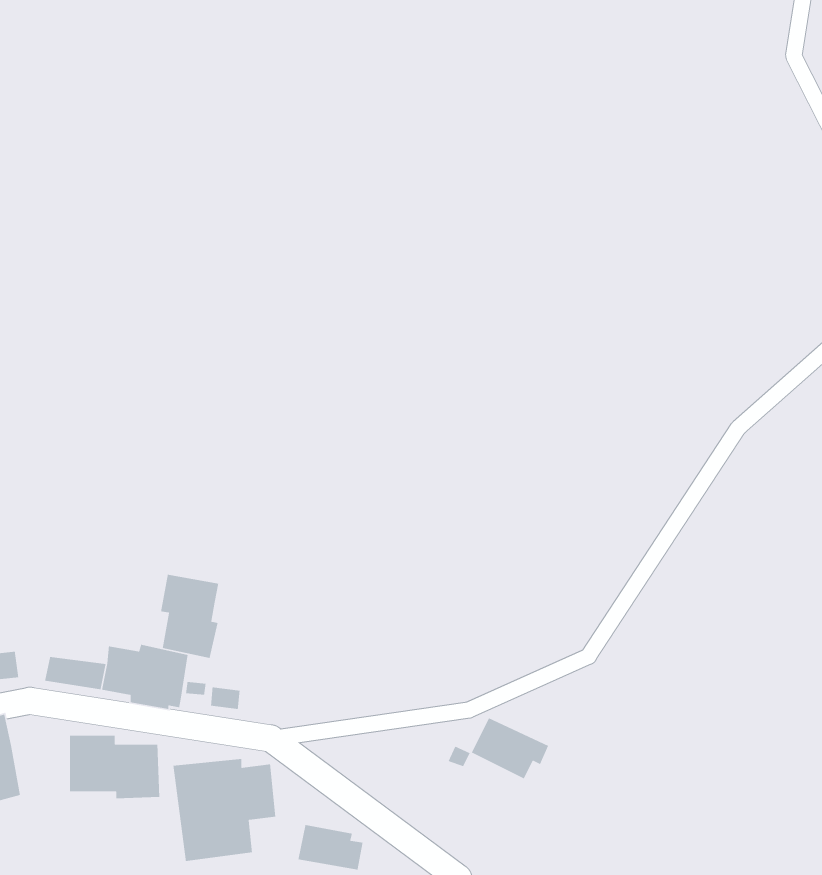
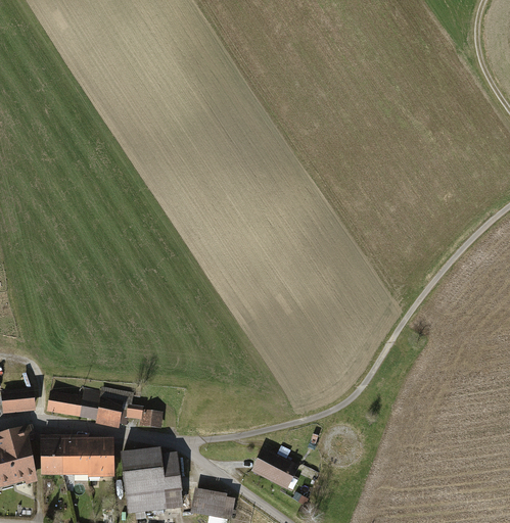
building: [160,574,219,659] -> none
building: [471,717,549,780] -> [253,450,298,486]
building: none -> [42,440,62,473]

